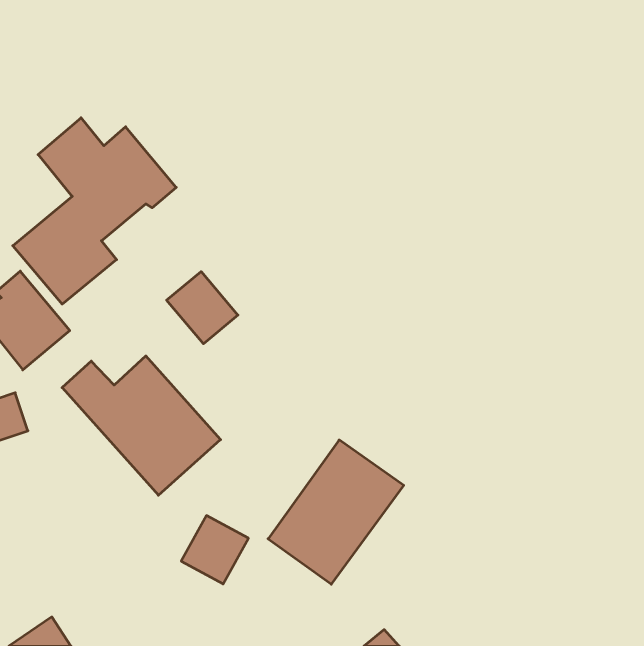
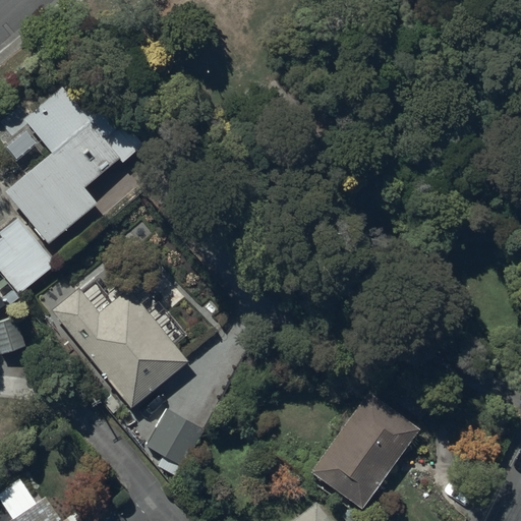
building: [167,272,238,344] -> none
building: [268,440,404,584] -> [308,392,417,508]

